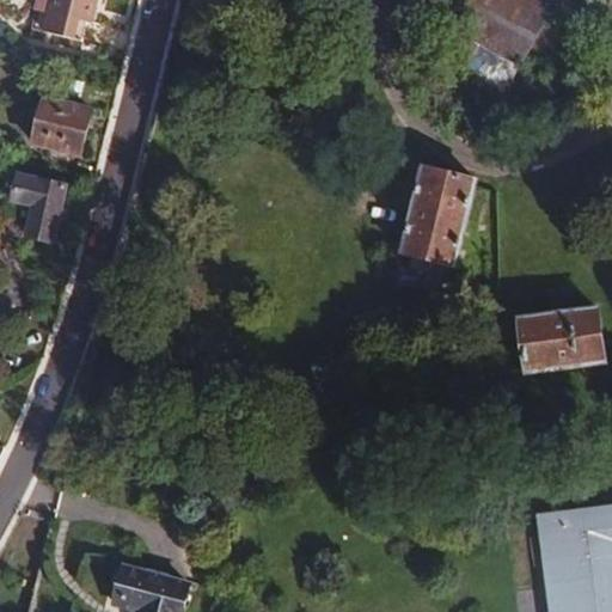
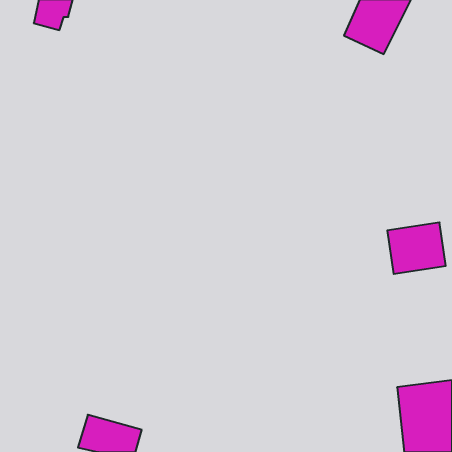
building: [31,98,90,155] -> none
building: [393,160,482,276] -> none
building: [10,176,65,241] -> none

